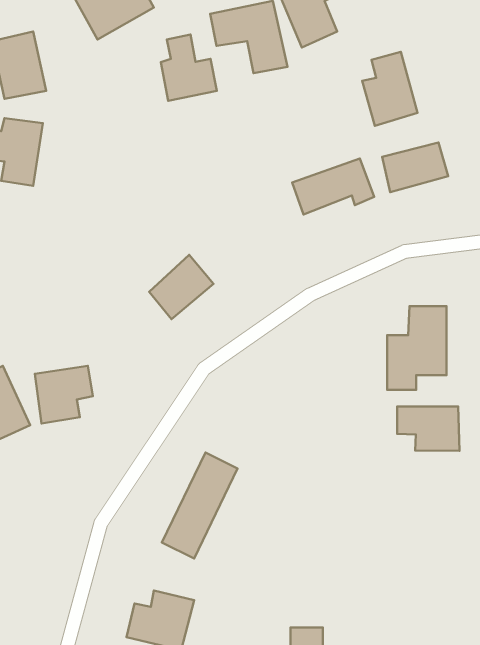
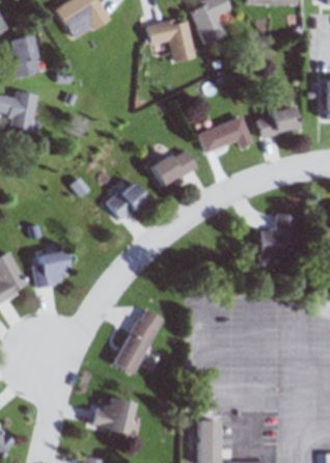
building: [161,35,217,101] -> none
building: [362,52,418,126] -> none
building: none -> [150,147,197,187]
building: [397,406,460,451] -> none

